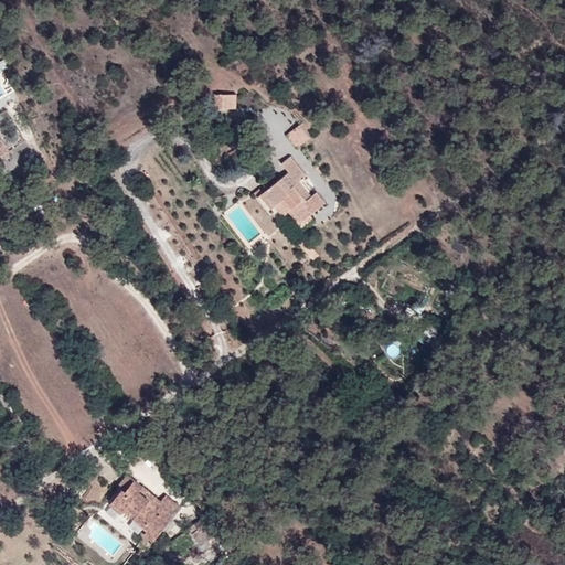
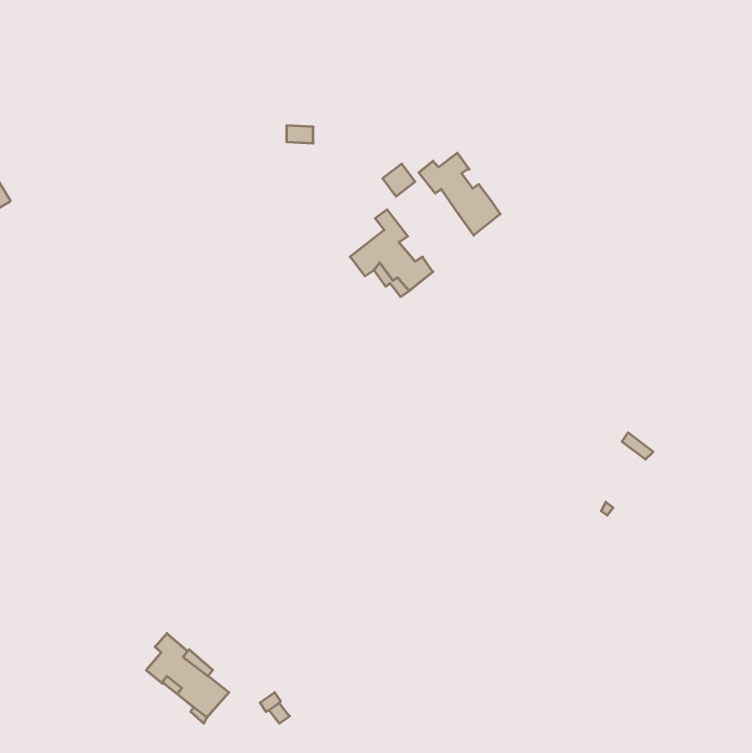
building: none -> [419,153,500,235]

